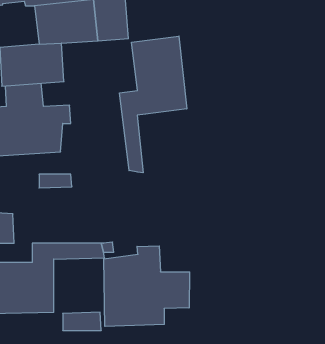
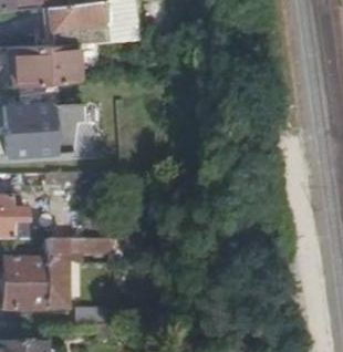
building: [120,36,187,173] -> none
building: [104,246,190,326] -> none

